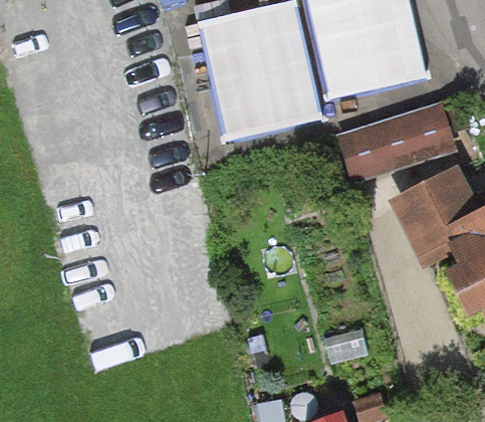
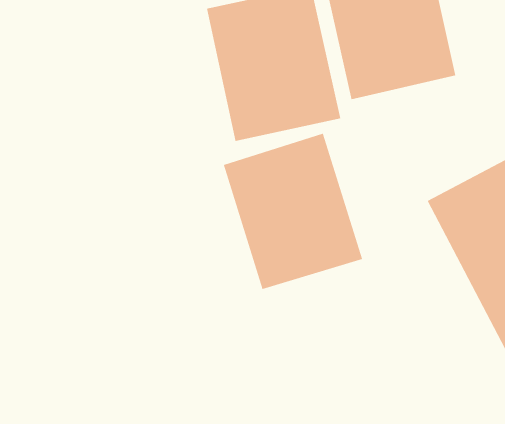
building: [340,96,458,180] -> none
building: none -> [223,133,363,290]

